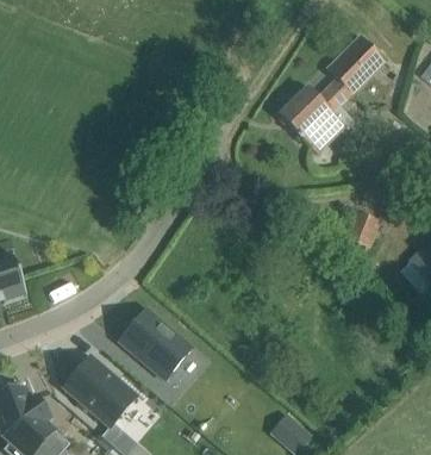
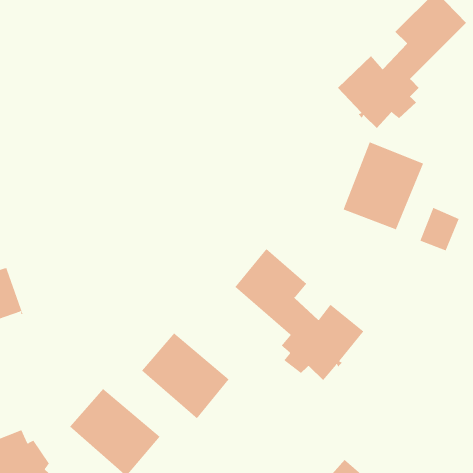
building: none -> [343,141,424,230]
building: none -> [234,248,364,381]

